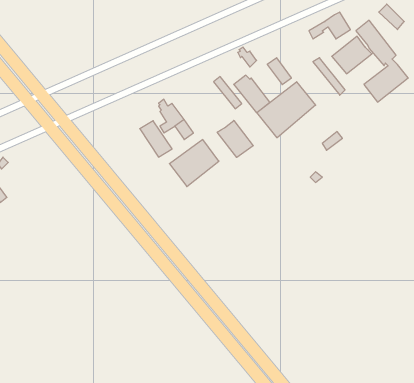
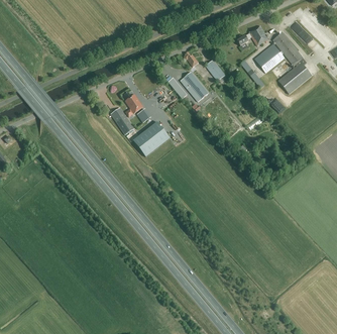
building: [257,82,316,138] -> none
building: [217,120,253,157] -> none

